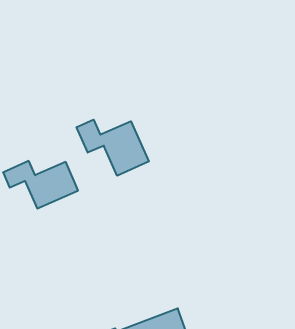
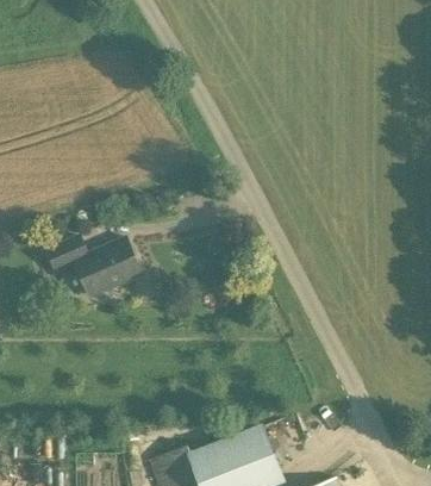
building: [77,120,149,176] -> none

